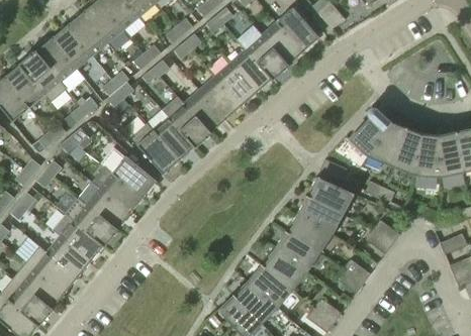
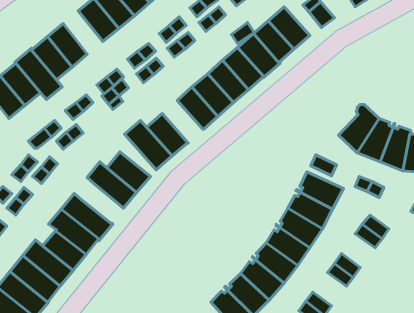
building: [68,11,108,55] -> none
building: [162,96,211,147] -> none
building: [86,188,129,229] -> none

